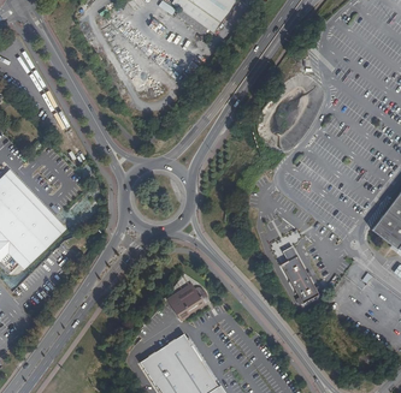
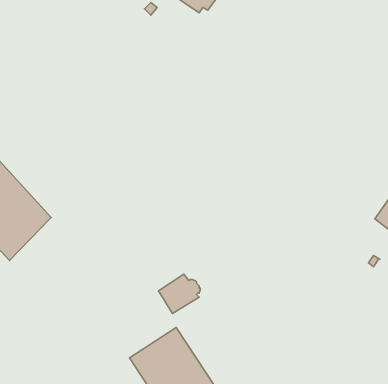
building: [281,246,319,304] -> none

